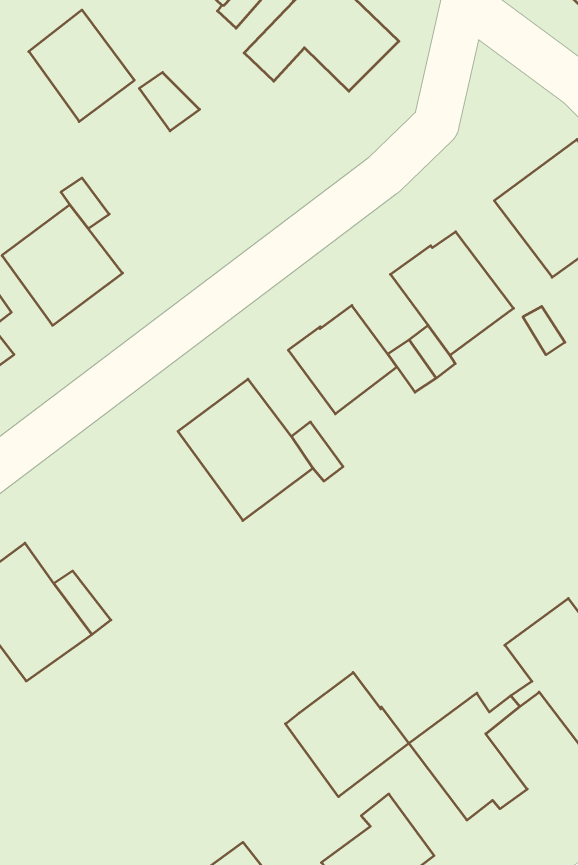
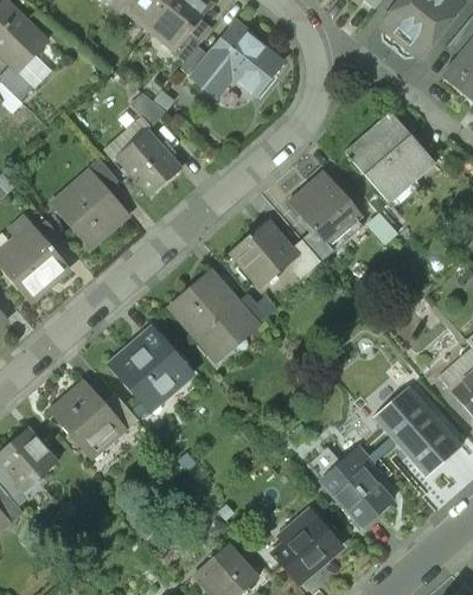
building: [29,10,134,122] -> [117,129,181,196]
building: none -> [116,326,192,405]
building: [285,672,409,797] -> none

